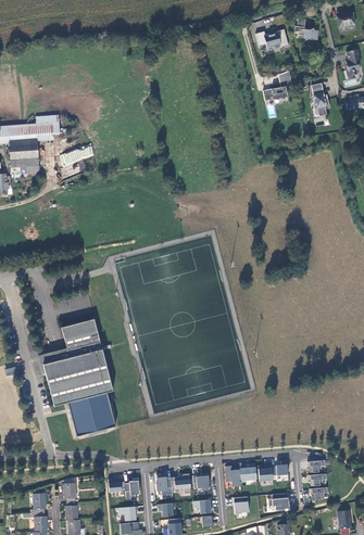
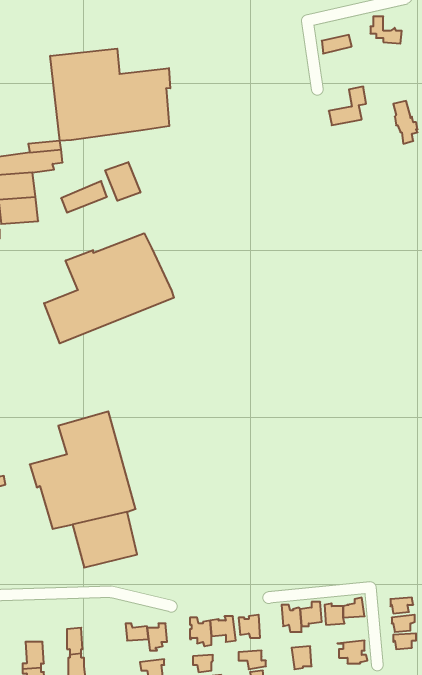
building: none -> [50,49,170,141]
building: none -> [105,162,140,201]
building: none -> [44,233,174,343]

